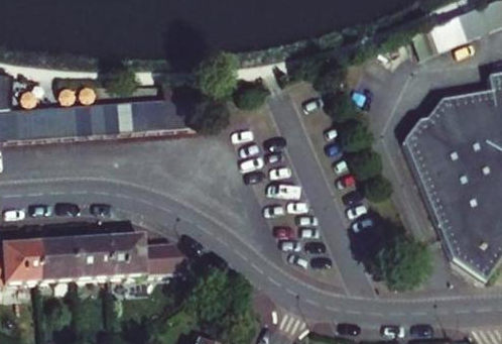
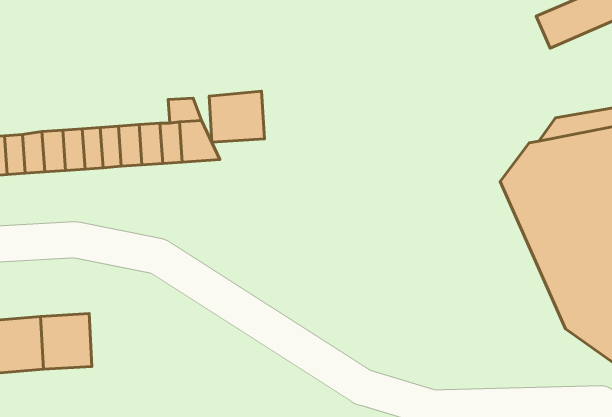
building: none -> [209,91,265,142]
building: [106,235,193,275] -> none

